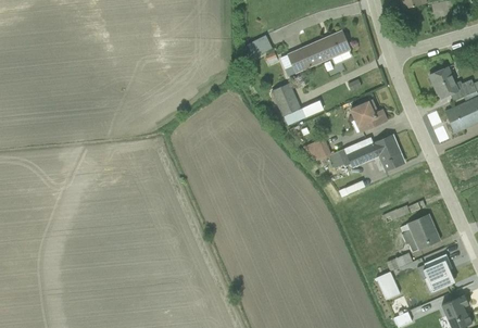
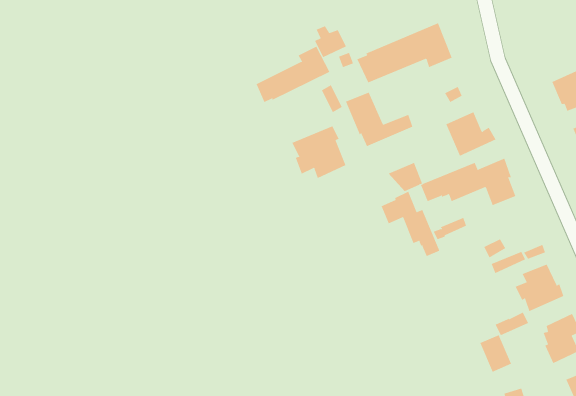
building: none -> [256,46,330,103]
building: none -> [291,126,346,179]
building: none -> [381,191,440,257]

